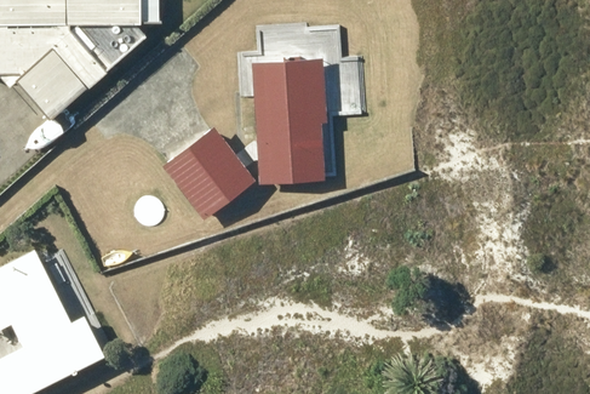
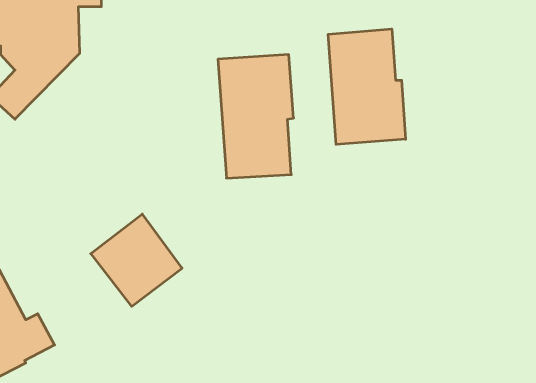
building: none -> [328,29,406,144]
building: [165,127,257,221] -> [91,214,182,306]

